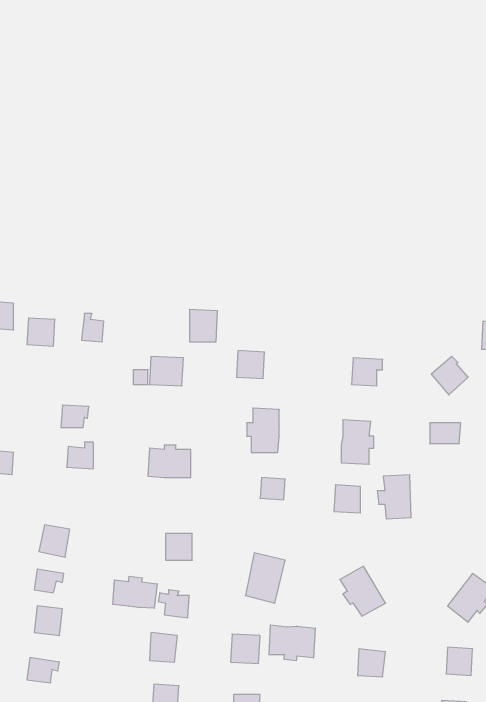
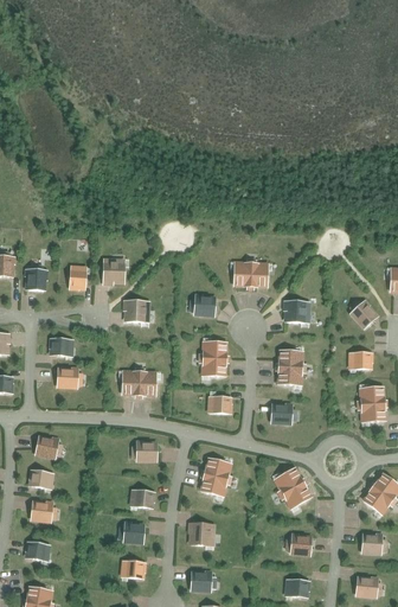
building: none -> [233,261,269,288]
building: [190,309,218,342] -> [103,257,126,283]
building: [377,475,411,519] -> [359,386,386,422]
building: [113,576,157,608] -> none
building: [269,625,315,661] -> none

